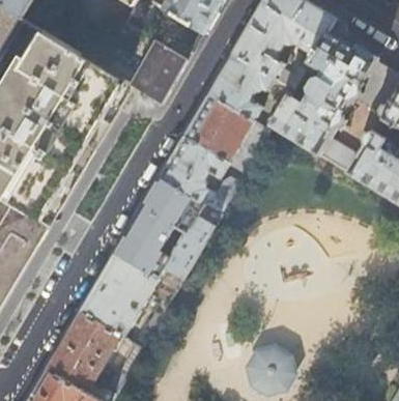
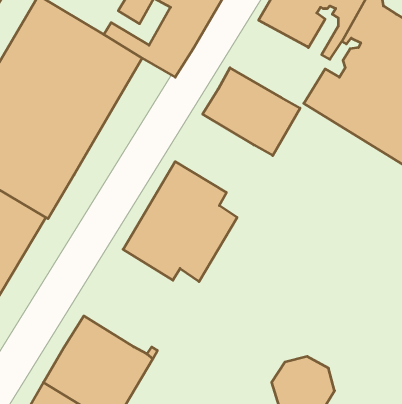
building: [207,53,275,120] -> none
building: [160,135,238,213] -> none
building: [80,253,175,338] -> none

